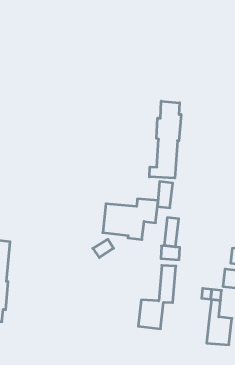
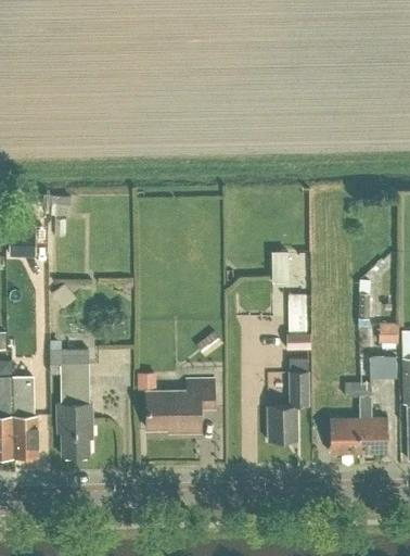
building: [149,101,181,178] -> none
building: [103,199,158,240] -> [146,380,214,433]
building: none -> [329,418,358,454]

